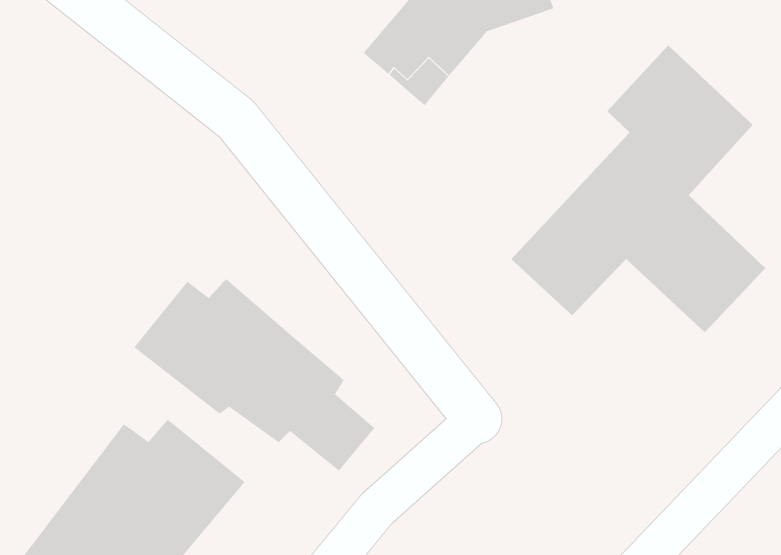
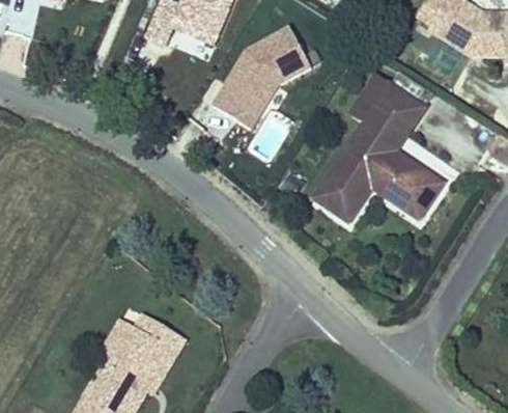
building: [134,278,375,471] -> none

